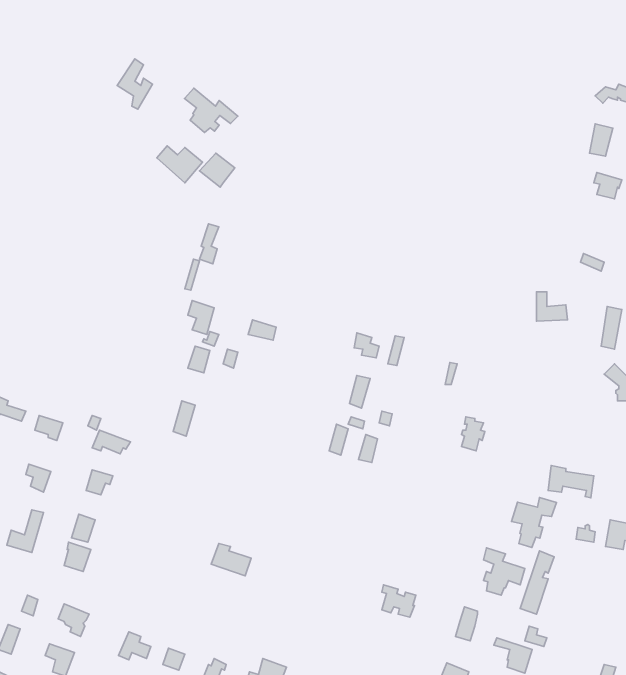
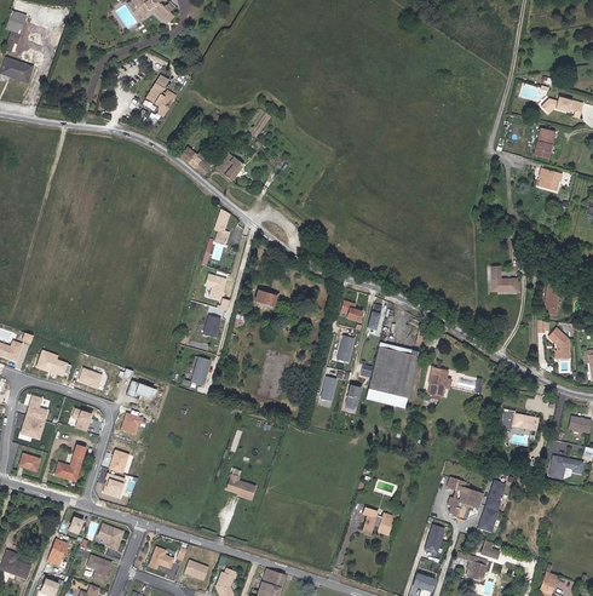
building: [184,88,238,132] -> none
building: none -> [367,346,419,407]
building: [511,498,556,547] -> none

